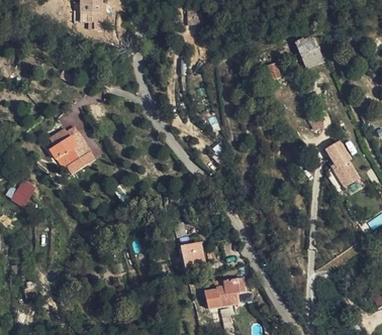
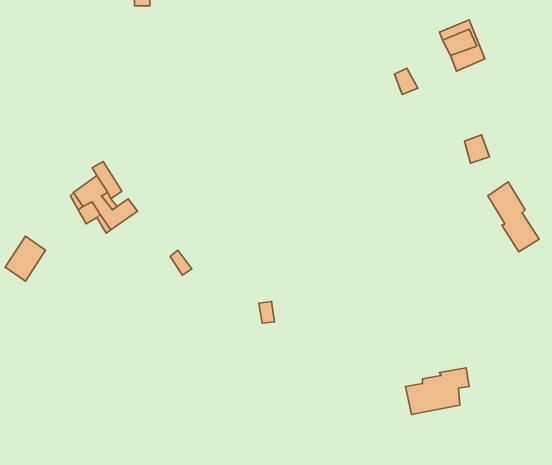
building: [184,242,205,265] -> none
building: [201,280,243,310] -> [405,368,469,414]

